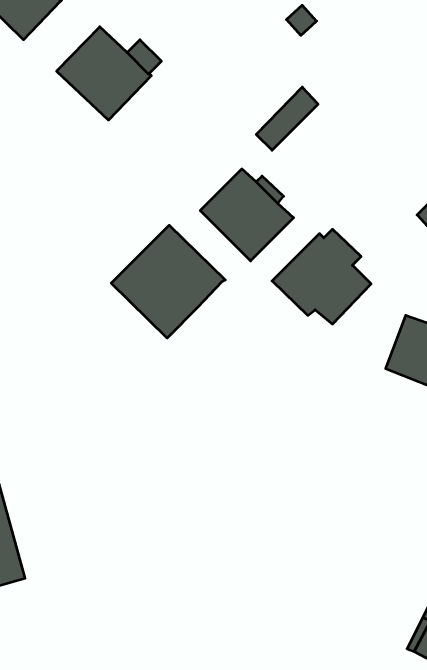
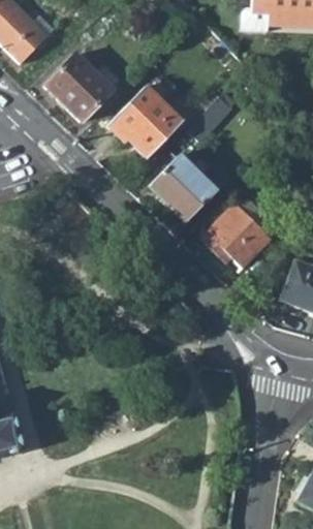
building: none -> [106,86,182,157]
building: [111,225,225,338] -> none

